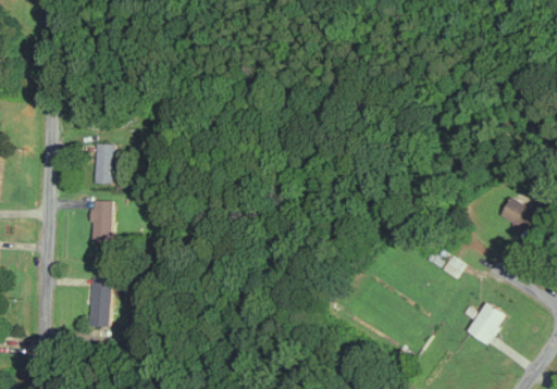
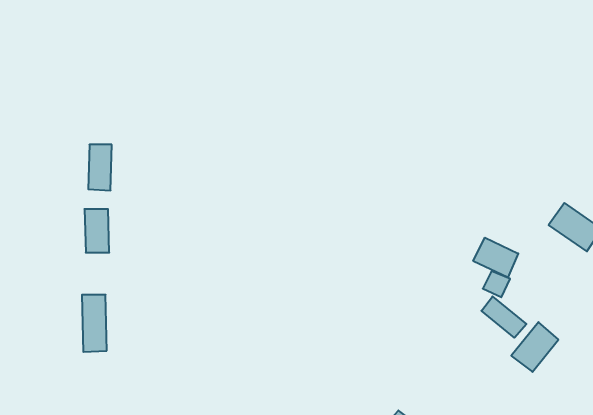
building: none -> [473,238,518,277]
building: none -> [481,296,526,338]

